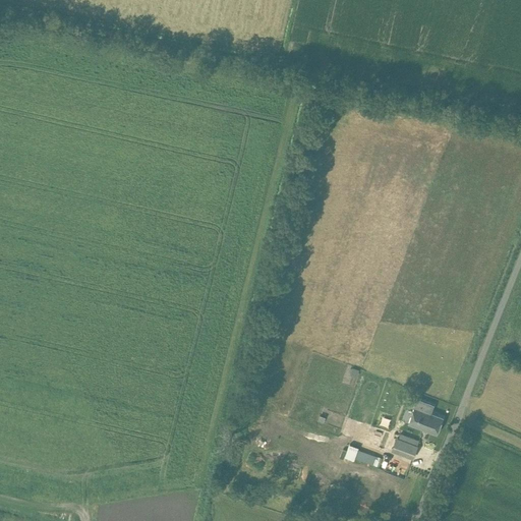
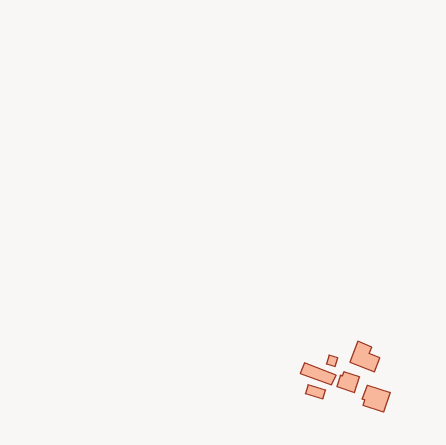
building: none -> [362,385,390,412]

